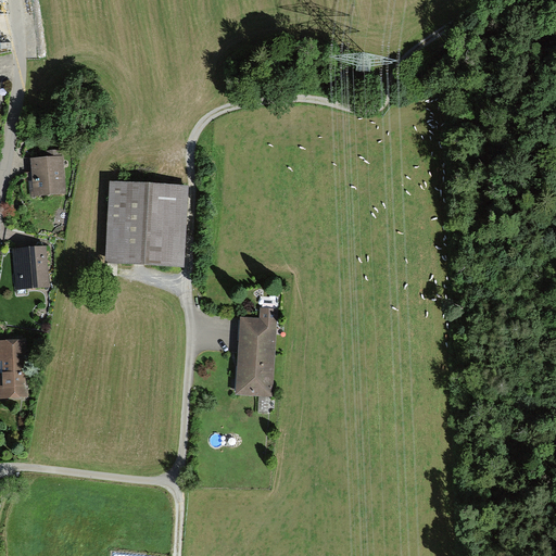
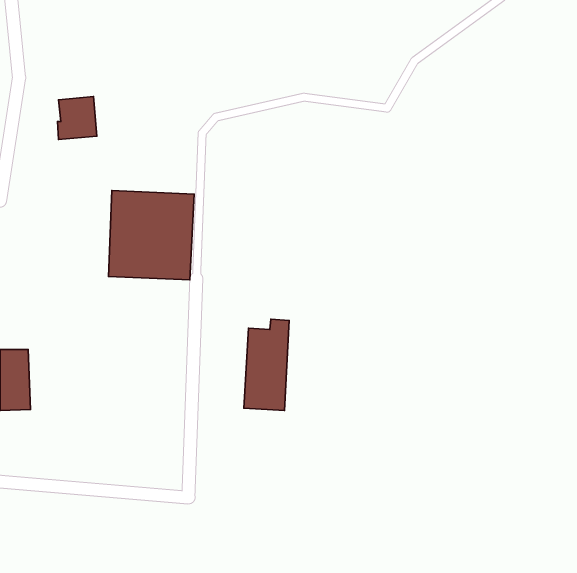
building: [29,152,67,193] -> [57,97,97,139]
building: [13,243,50,287] -> none

